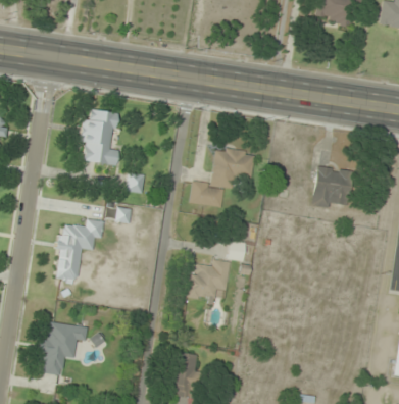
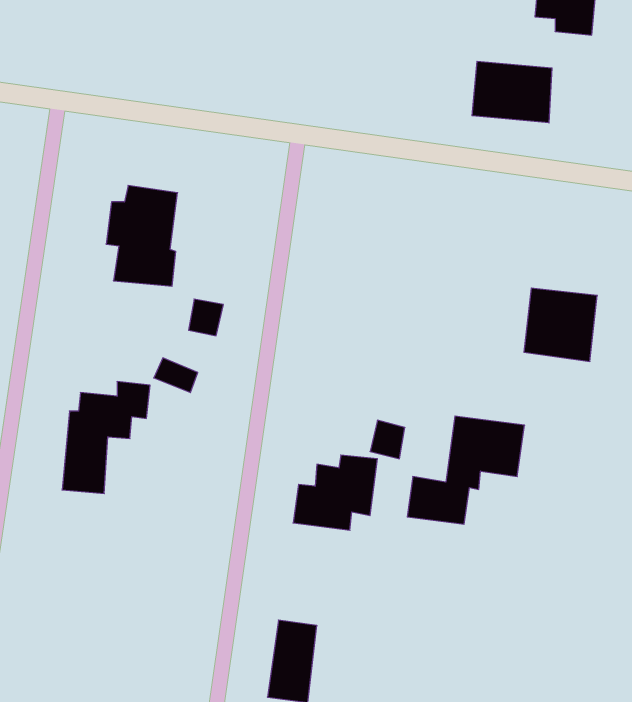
building: none -> [472,61,552,123]
building: [190,147,255,207] -> [407,416,525,524]
building: [43,322,86,375] -> none

